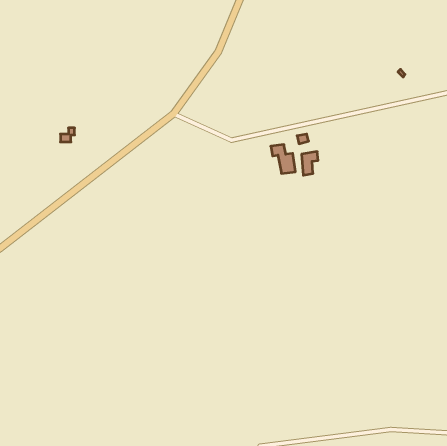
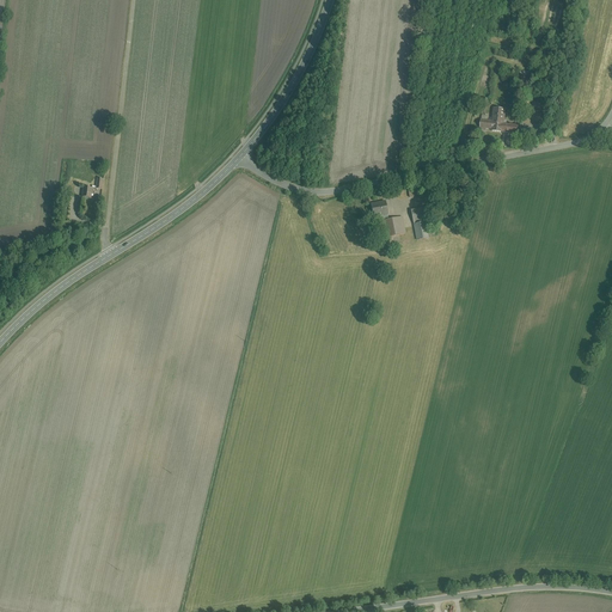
building: none -> [478,105,518,131]

